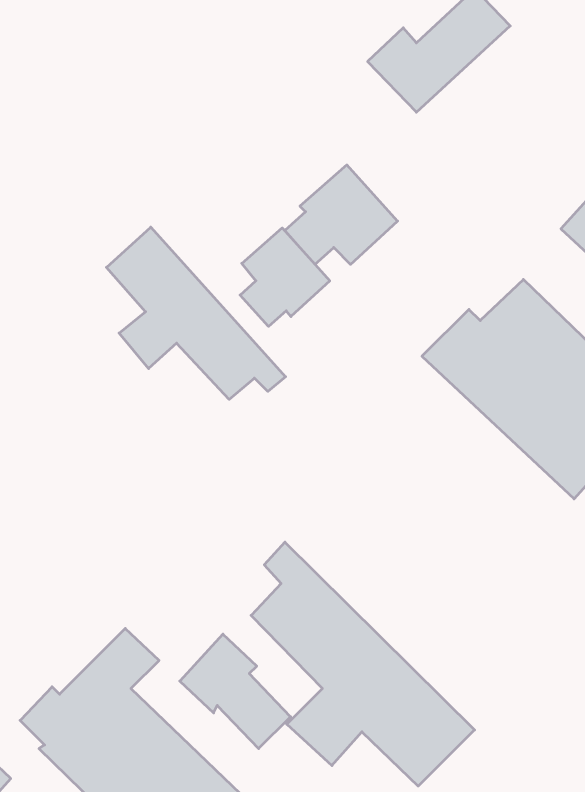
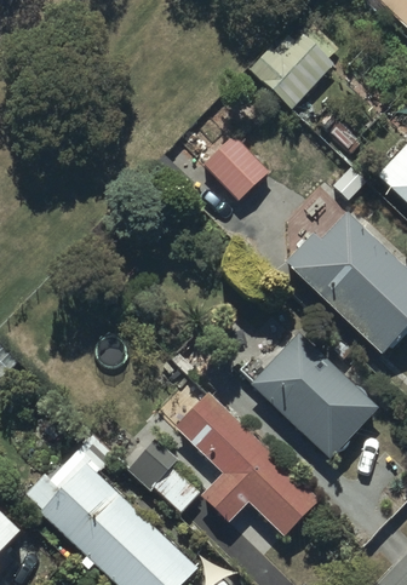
building: [106,227,286,399] -> none
building: [240,228,330,326] -> none
building: none -> [247,328,379,459]

